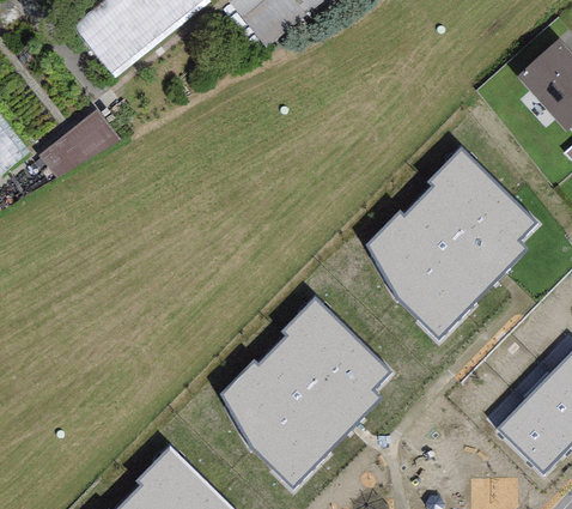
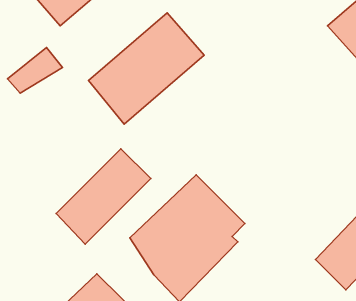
building: none -> [89,13,204,124]
building: [364,150,536,341] -> none
building: none -> [56,149,151,244]

